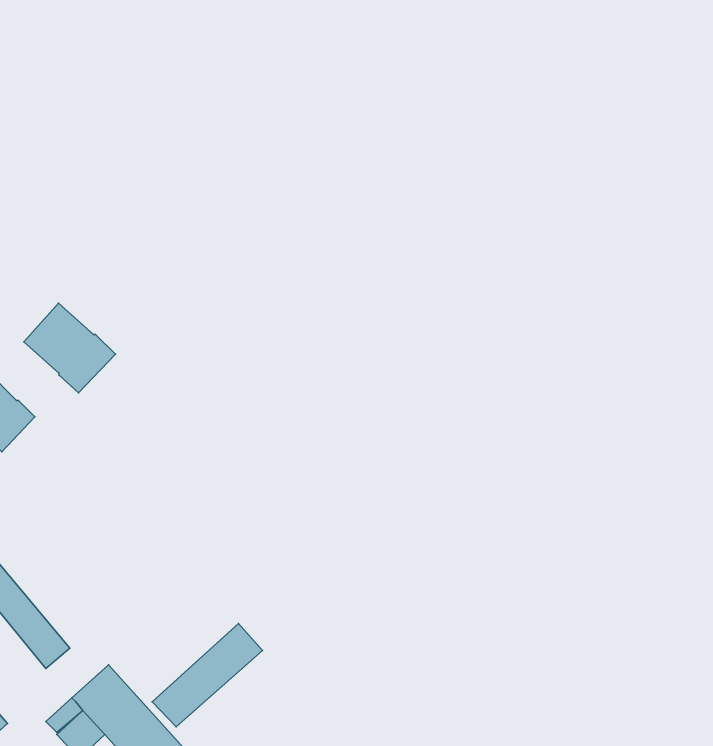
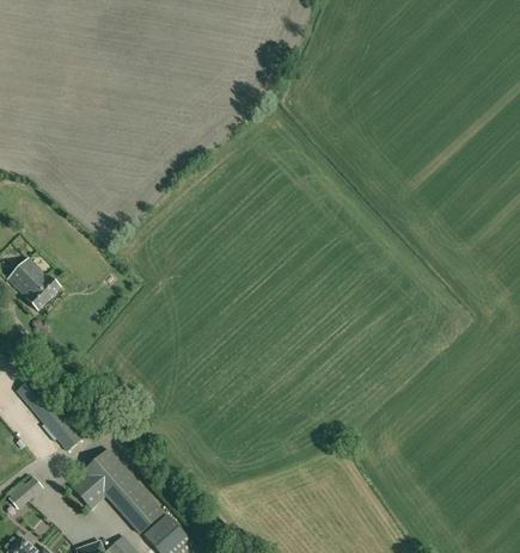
building: [24,303,115,393] -> none
building: [152,623,262,727] -> none

